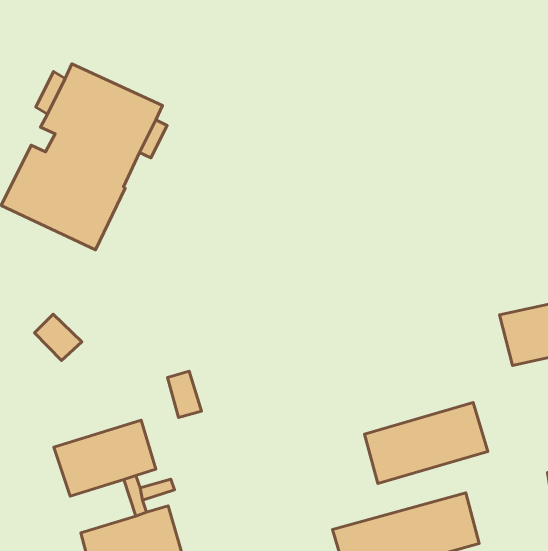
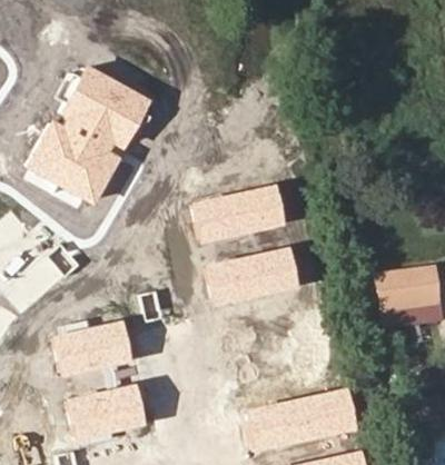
building: none -> [195,190,284,241]
building: [365,402,488,483] -> [207,253,294,305]

